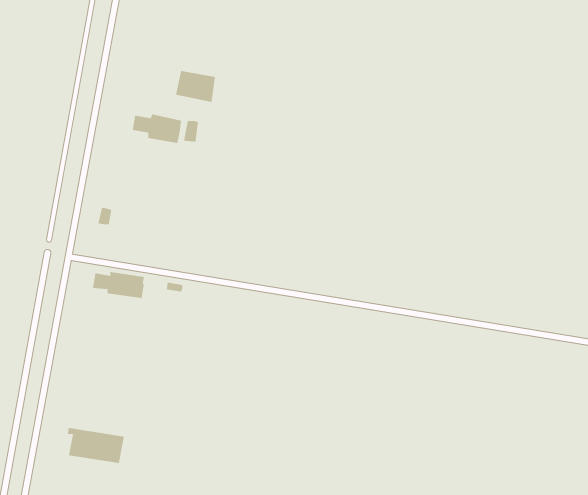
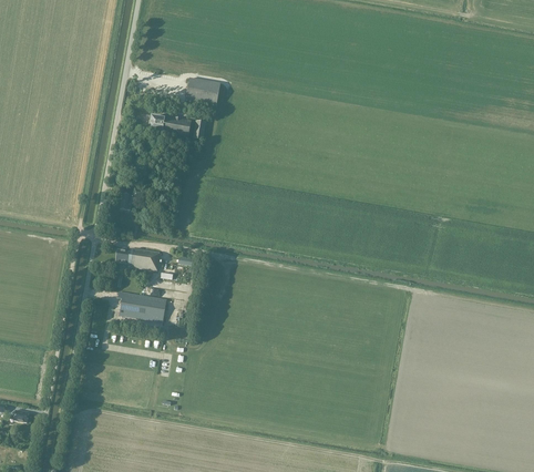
building: [67,427,125,464] -> [117,291,166,322]

